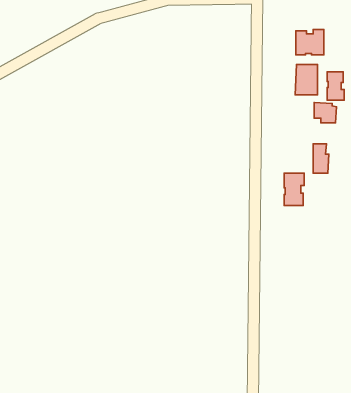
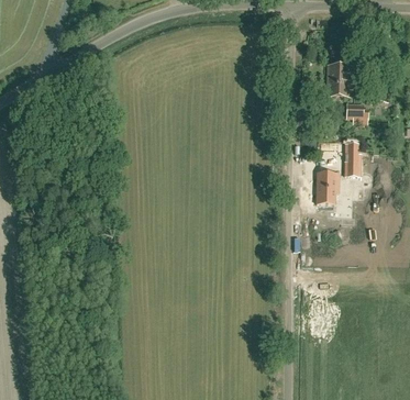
building: [296,29,324,55] -> none
building: [327,72,344,100] -> none

